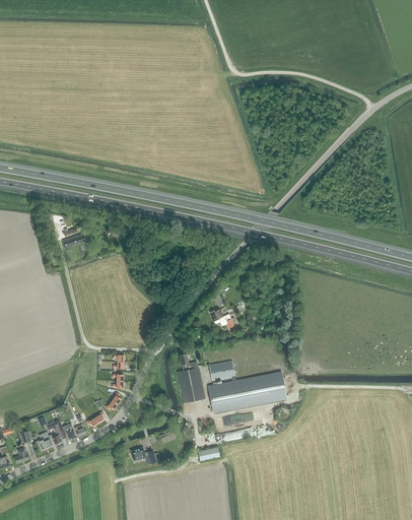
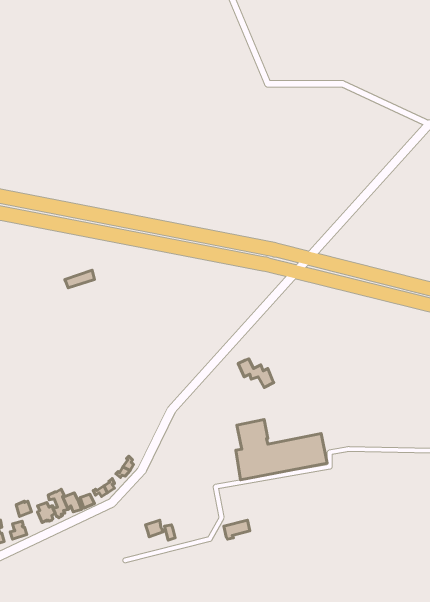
building: [177,353,204,403] -> none

